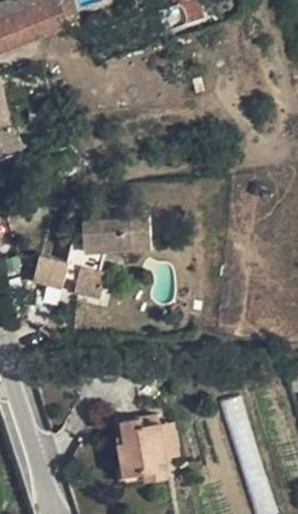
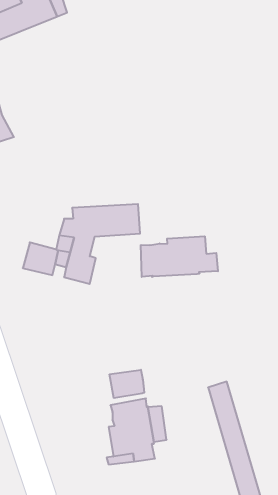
building: none -> [141,236,218,277]
building: none -> [110,370,144,398]

